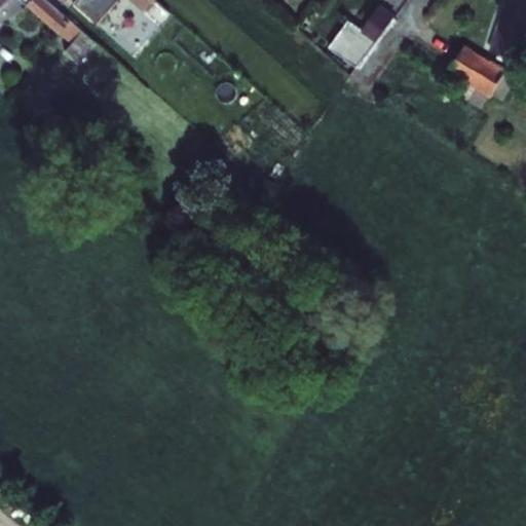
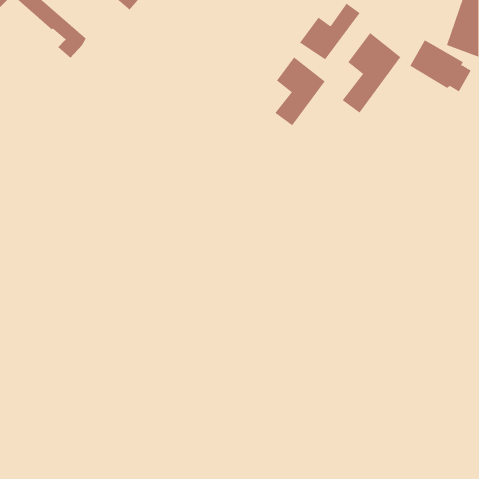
building: none -> [342,32,401,113]
building: none -> [275,57,325,126]

